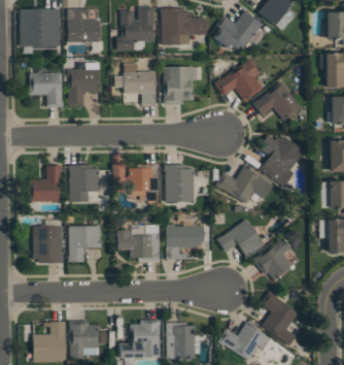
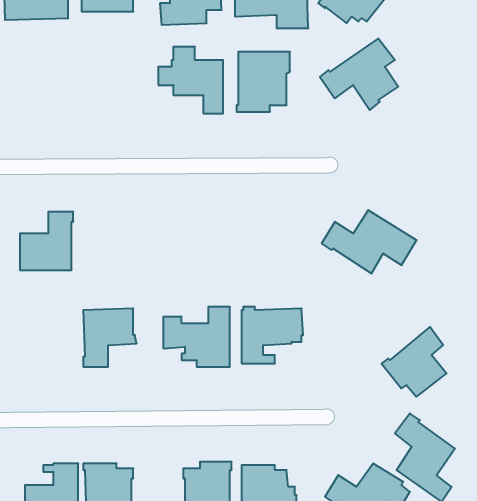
building: [67,63,99,106] -> none
building: [28,73,63,107] -> none
building: [253,81,301,121] -> none
building: [259,135,304,188] -> none
building: [112,164,158,201] -> none
building: [69,165,99,202] -> none
building: [164,165,195,202] -> none
building: [216,220,264,258] -> none
building: [33,226,63,263] -> none

